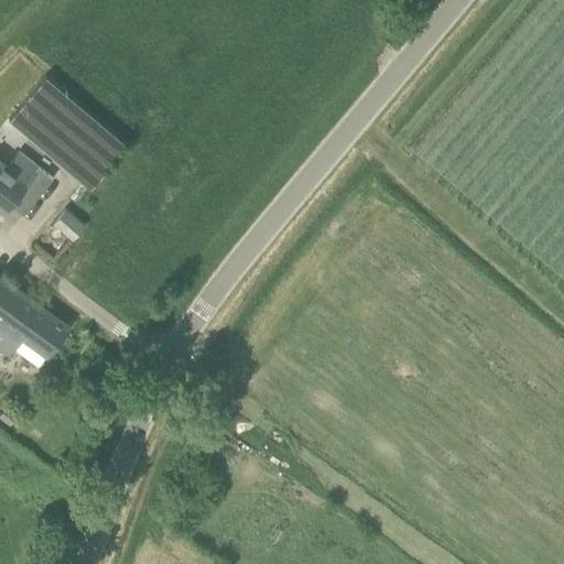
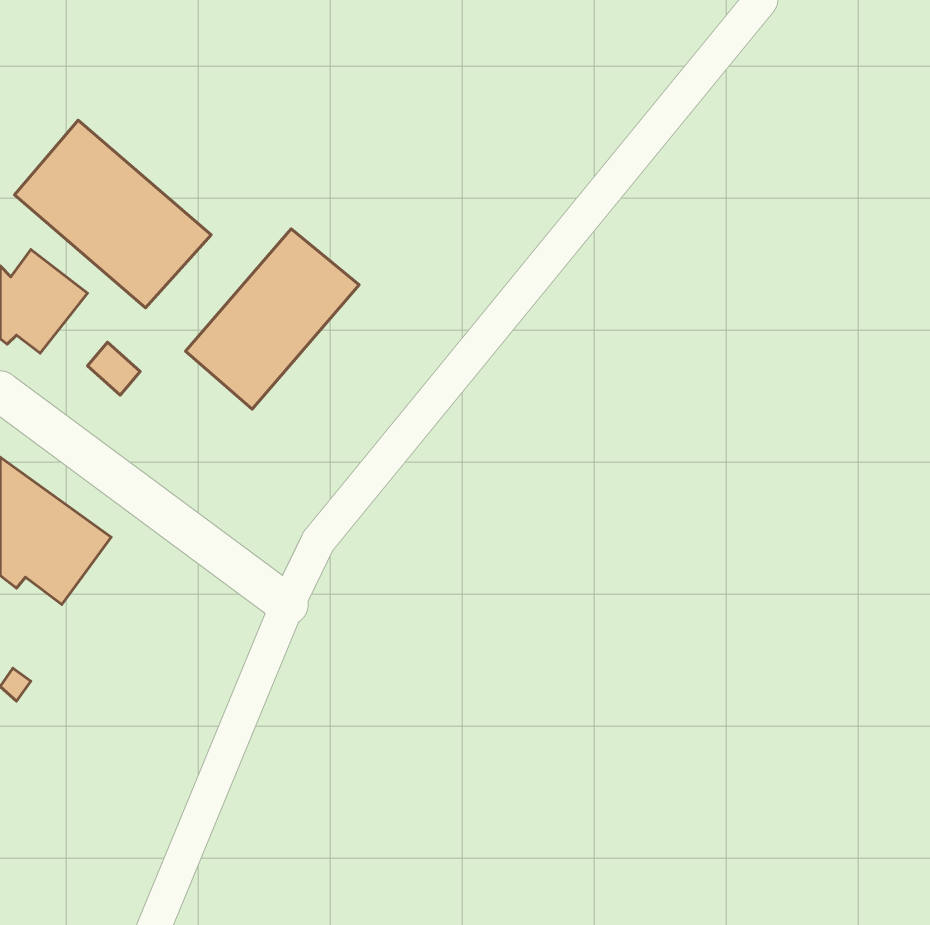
building: none -> [186,229,359,409]

